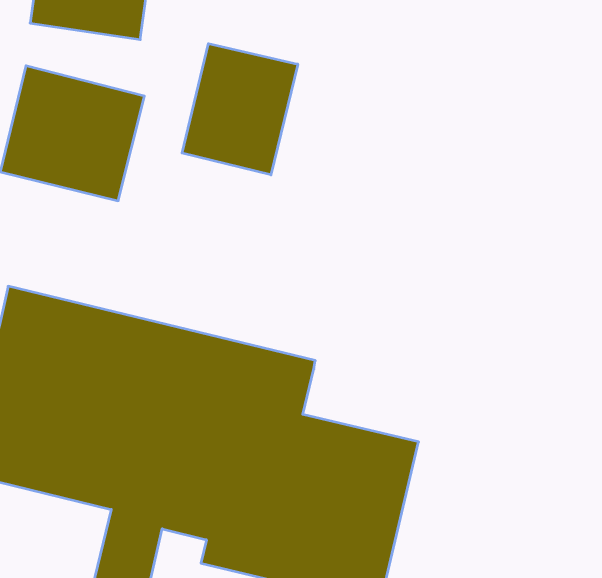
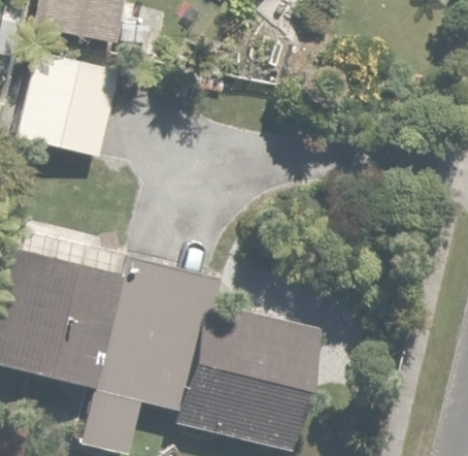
building: [182,44,298,175] -> none

